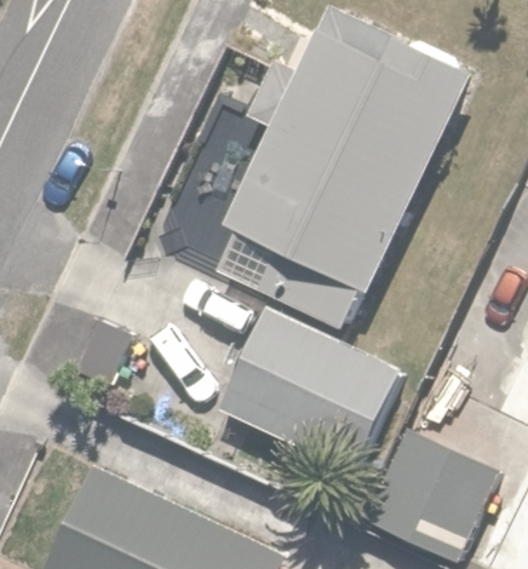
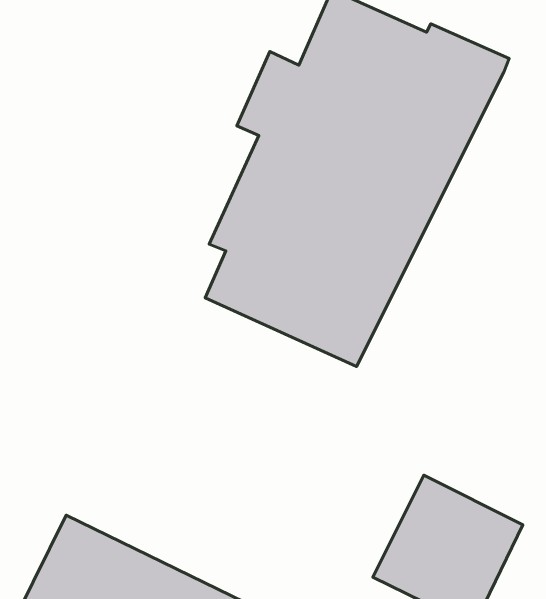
building: [214,300,404,475] -> none

